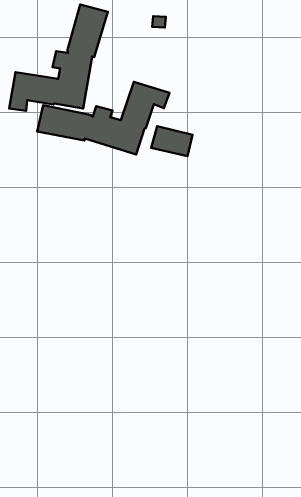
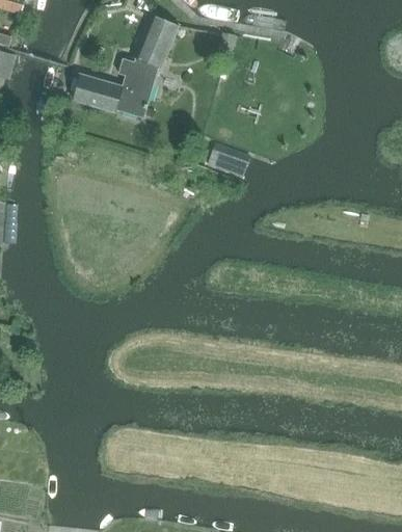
building: [37,82,170,155] -> none

